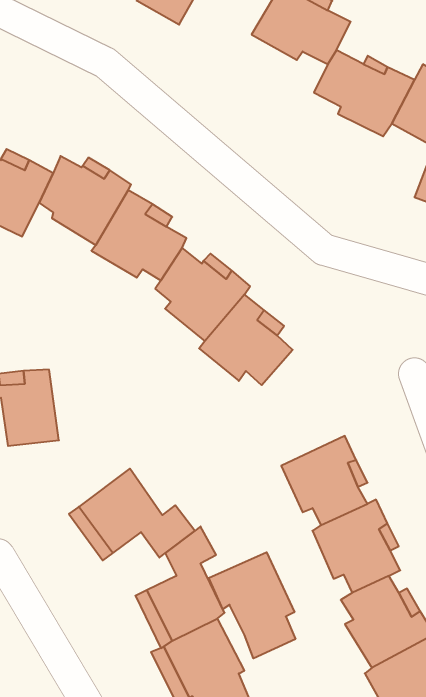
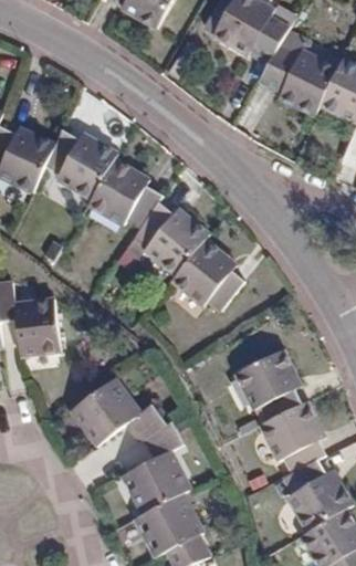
building: [209,552,295,658] -> none

